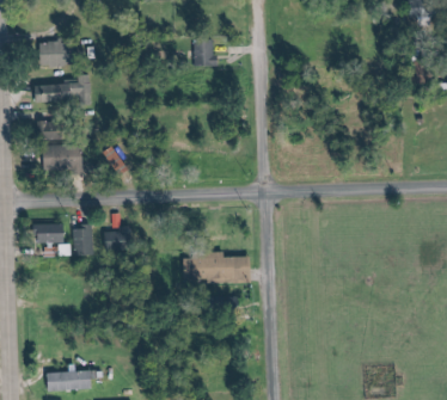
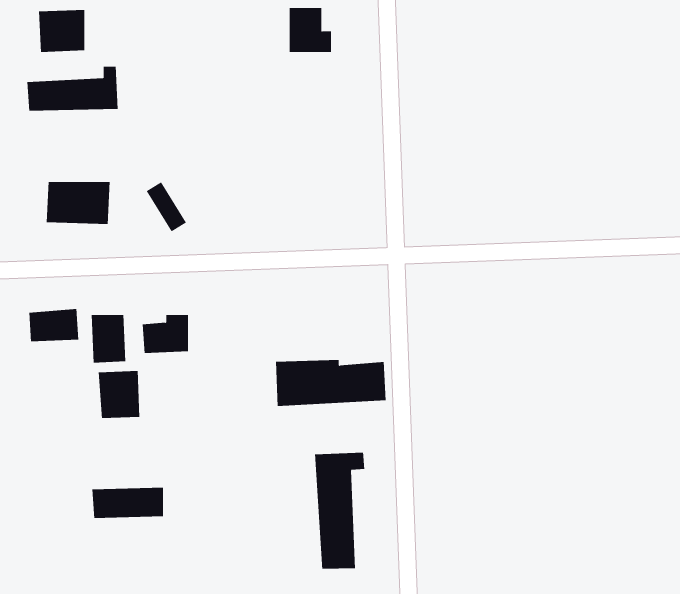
building: [33,121,67,140] -> none
building: none -> [98,370,140,419]
building: none -> [314,452,365,569]
building: [47,371,91,390] -> [92,487,164,518]

